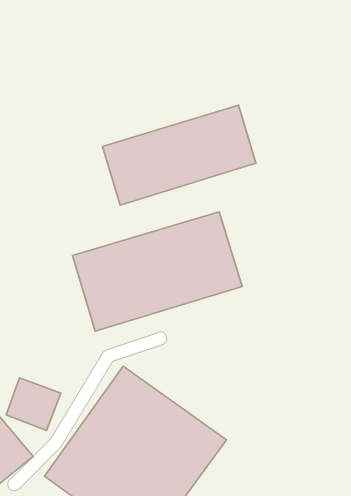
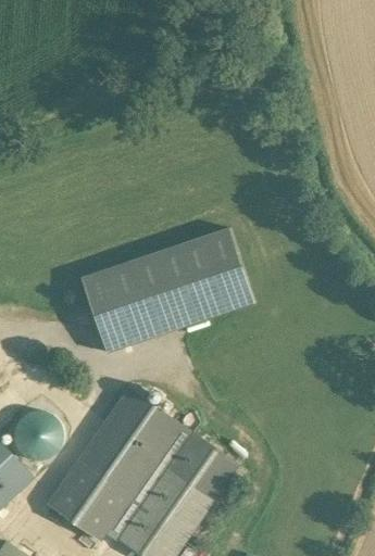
building: [102,105,256,205] -> none

